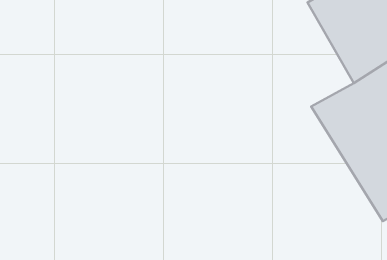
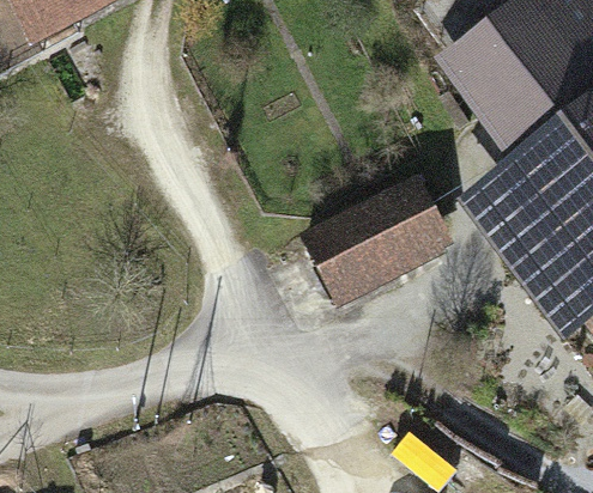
building: none -> [299,166,459,304]

